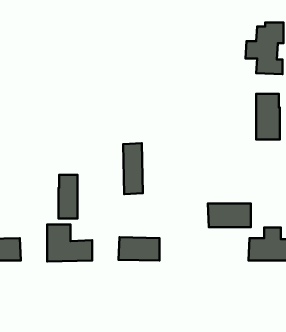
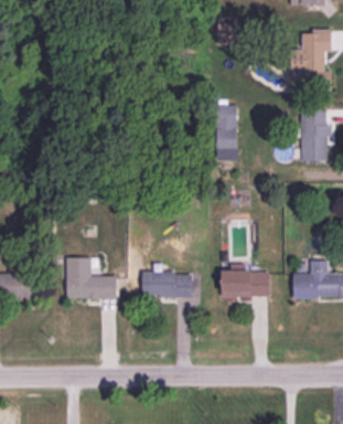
building: [123,143,143,194] -> [215,104,237,161]
building: [58,175,77,219] -> none
building: [208,204,251,227] -> [221,271,269,297]

